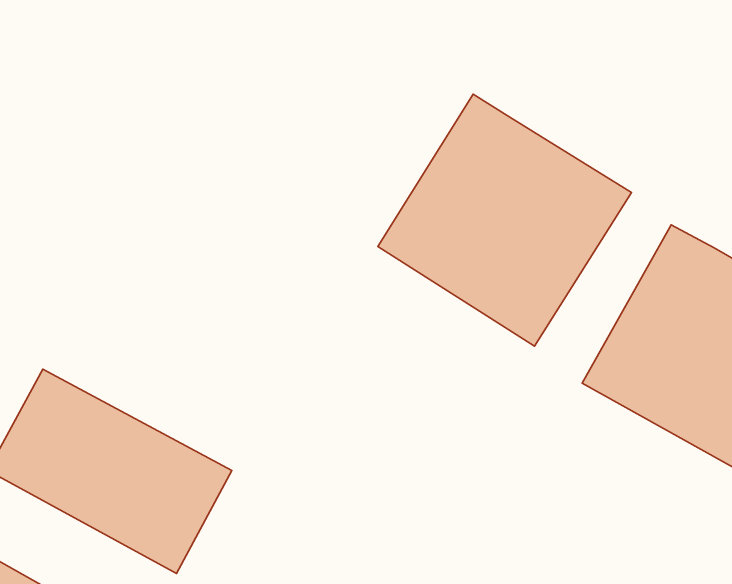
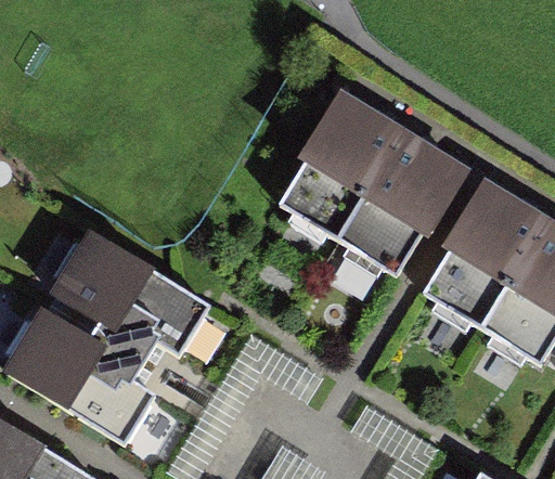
building: none -> [44,222,218,366]

